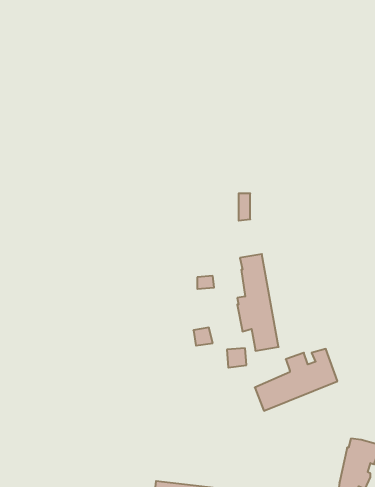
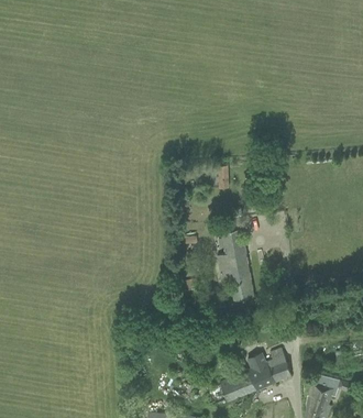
building: [255,349,337,411] -> [221,349,292,402]

